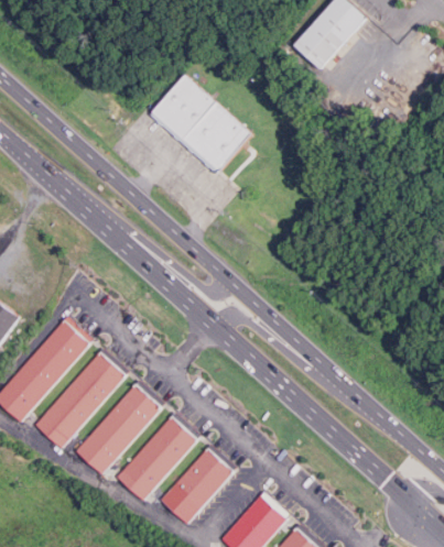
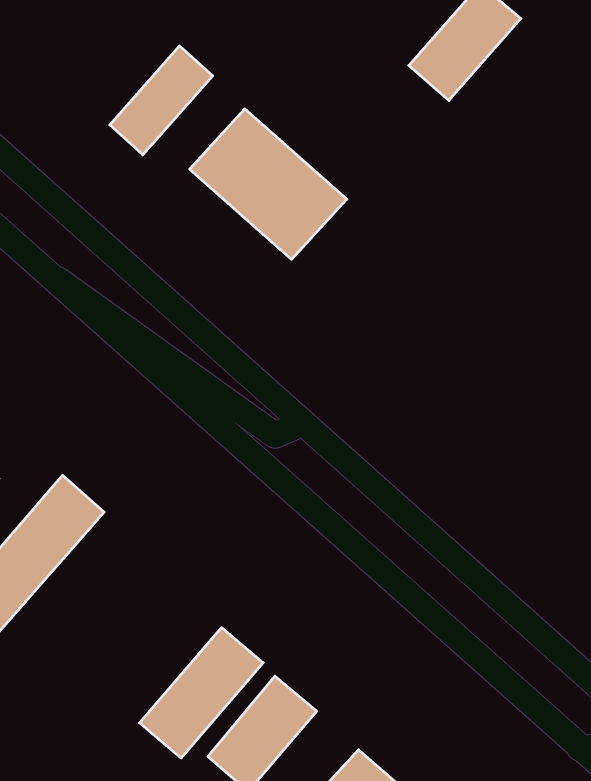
building: none -> [110,46,213,155]
building: [34,352,123,449] -> none
building: [74,385,161,474] -> none

